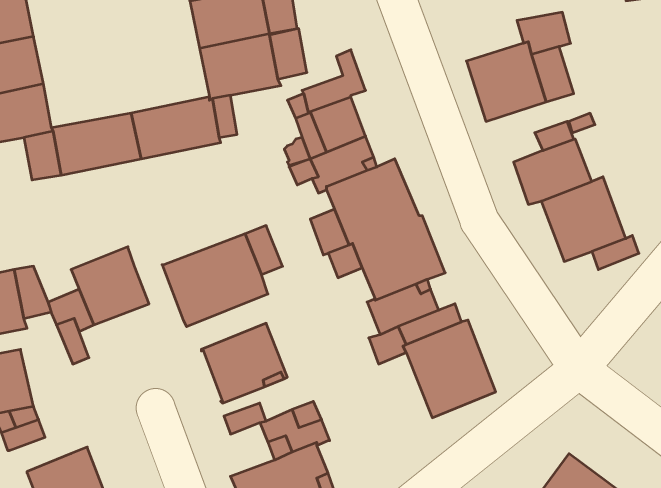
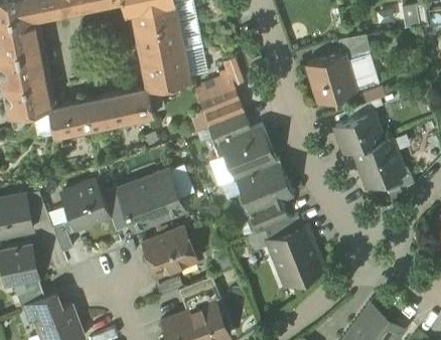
building: none -> [101,185,131,231]
building: none -> [23,294,61,322]

